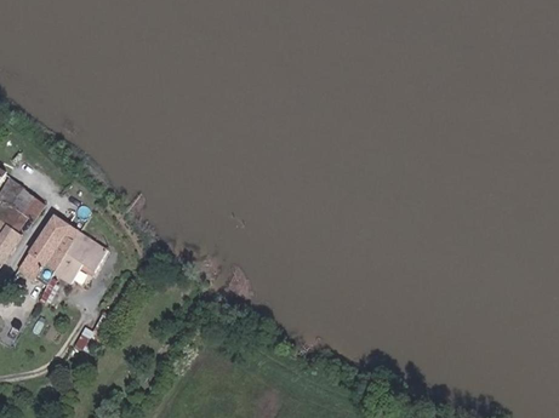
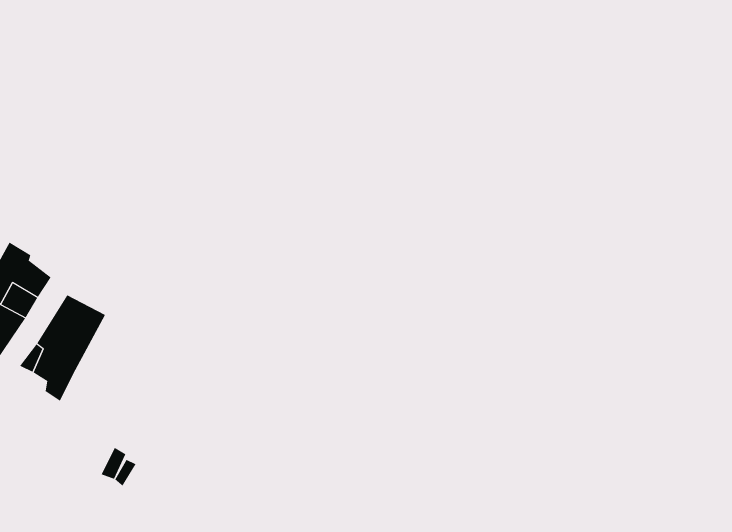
building: [55,229,109,284] -> none

